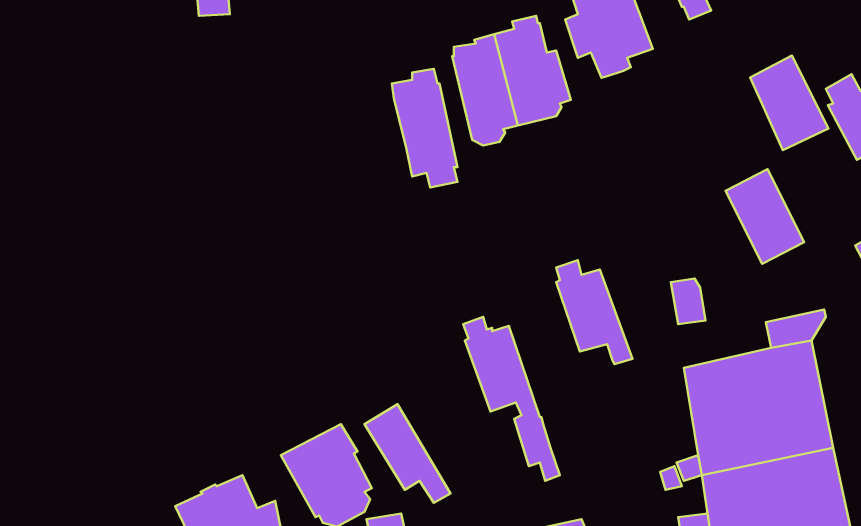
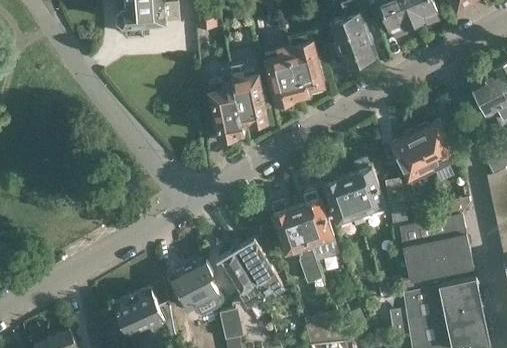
building: [750,56,828,150] -> [392,132,435,184]
building: none -> [210,80,245,145]
building: none -> [346,159,385,224]
building: none -> [296,190,338,260]
building: none -> [235,238,284,298]

